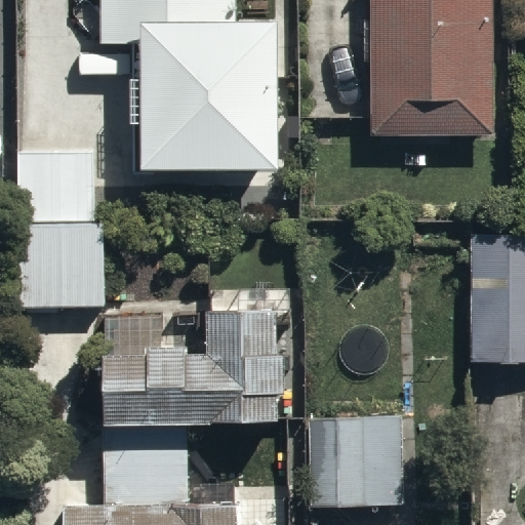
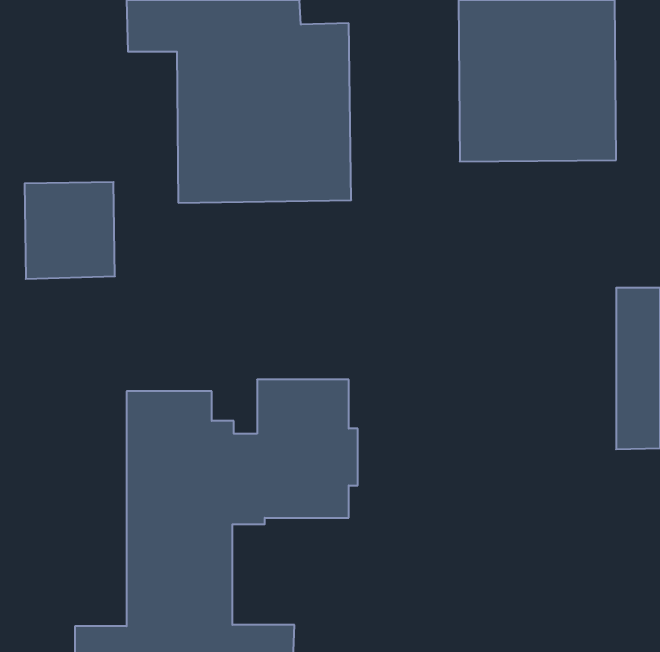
building: [21,226,109,310] -> none
building: [308,417,404,510] -> none

